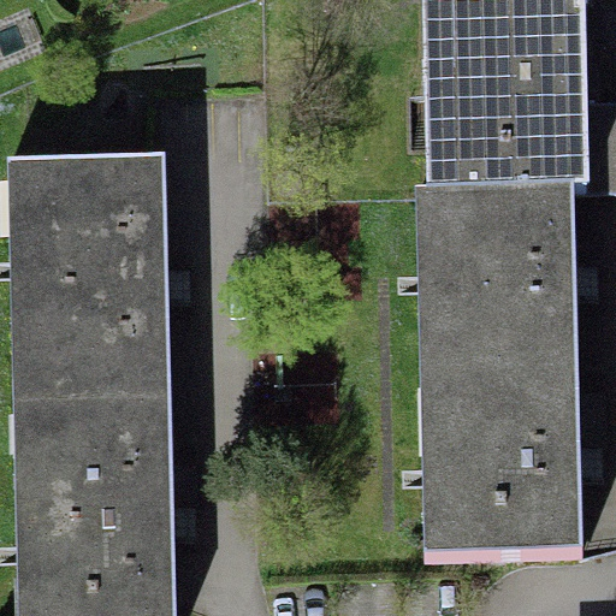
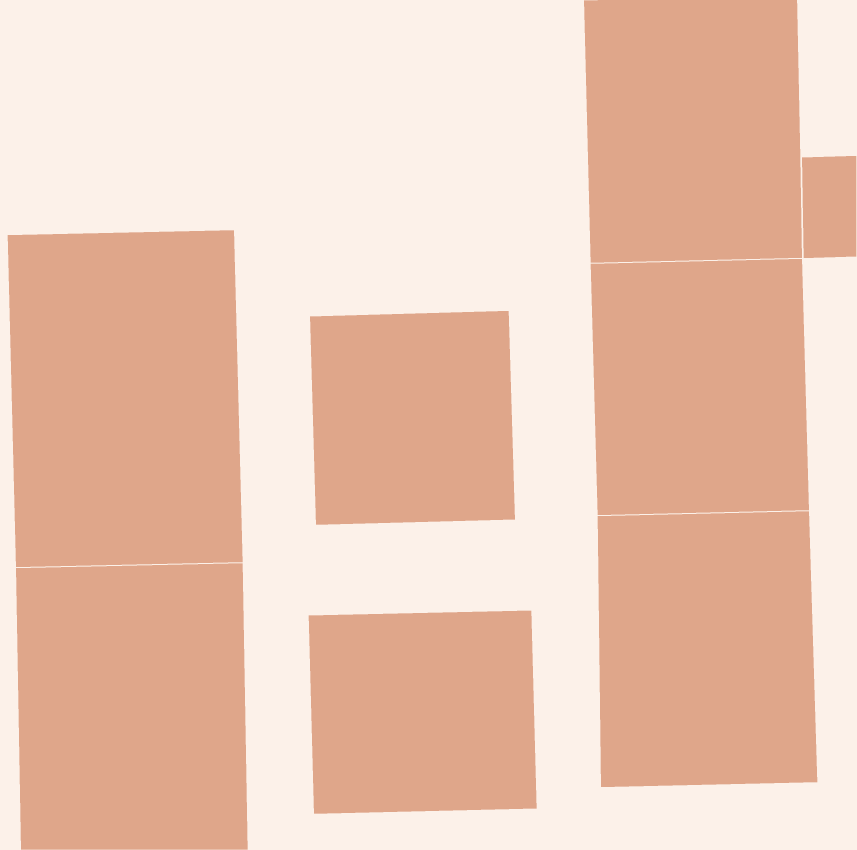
building: none -> [310,310,515,525]
building: none -> [308,610,537,814]

